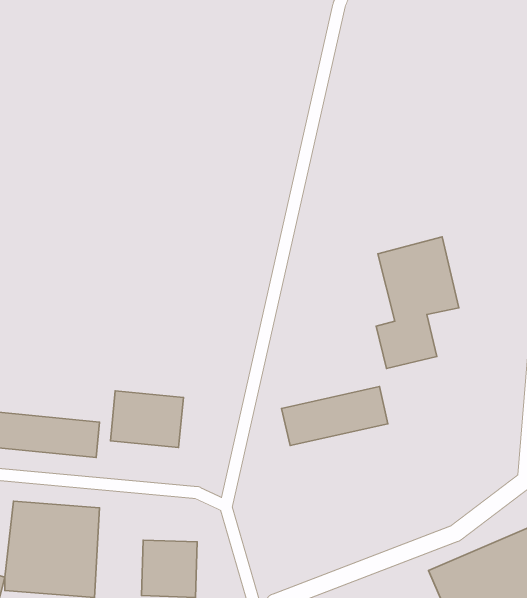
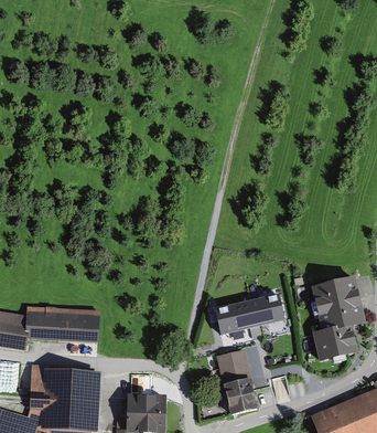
building: [376,237,459,368] -> [311,275,365,361]
building: [111,391,183,447] -> none
building: none -> [217,348,258,412]

